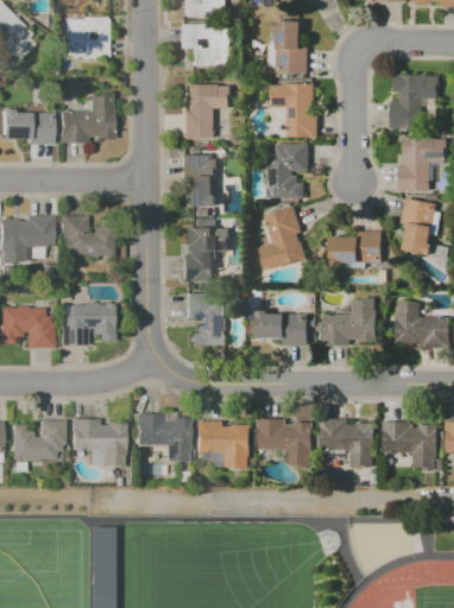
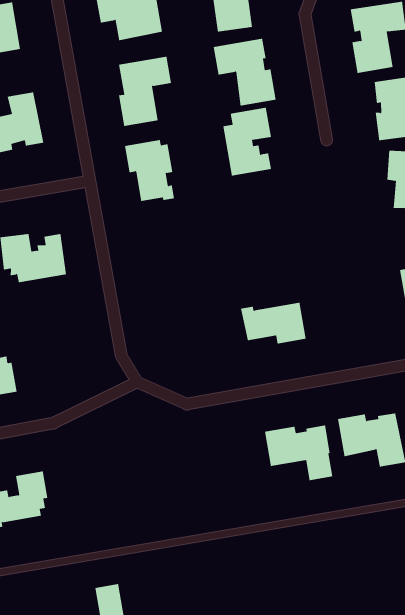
building: [258,207,305,272] -> none
building: [182,227,229,283] -> none
building: [329,230,382,266] -> none
building: [185,294,225,349] -> none
building: [323,297,377,344] -> none
building: [61,304,114,346] -> none
building: [134,413,189,462] -> none
building: [71,418,125,468] -> none
building: [195,420,250,470] -> none

